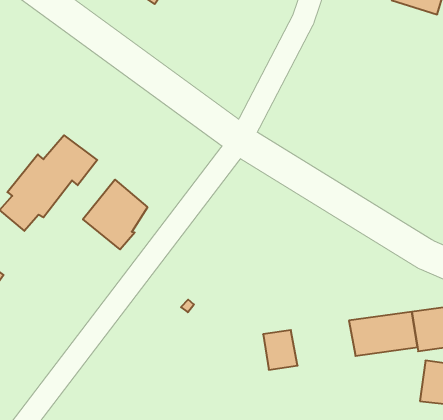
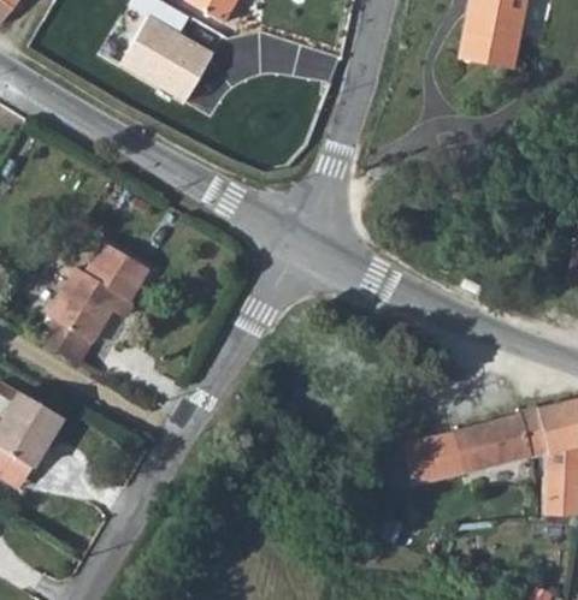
building: [83,180,147,249] -> none
building: [263,330,298,370] -> [421,430,465,479]

